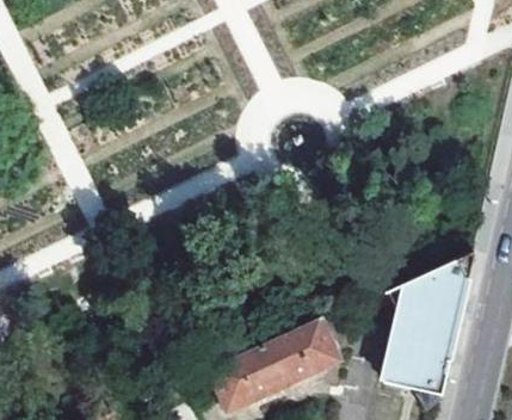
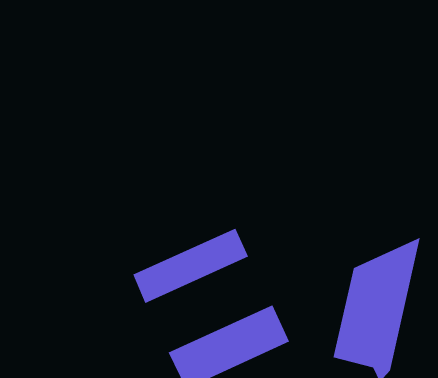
building: none -> [132,227,249,304]

